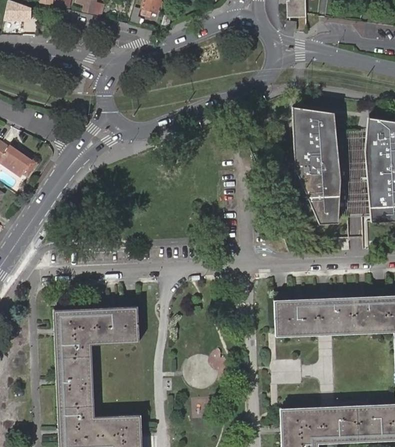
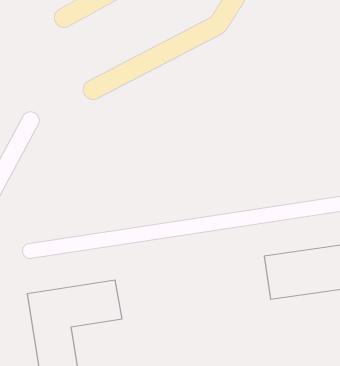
building: [292,108,340,225] -> none

